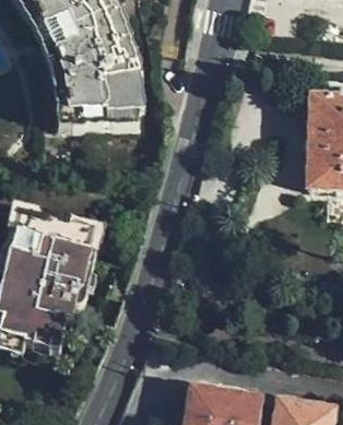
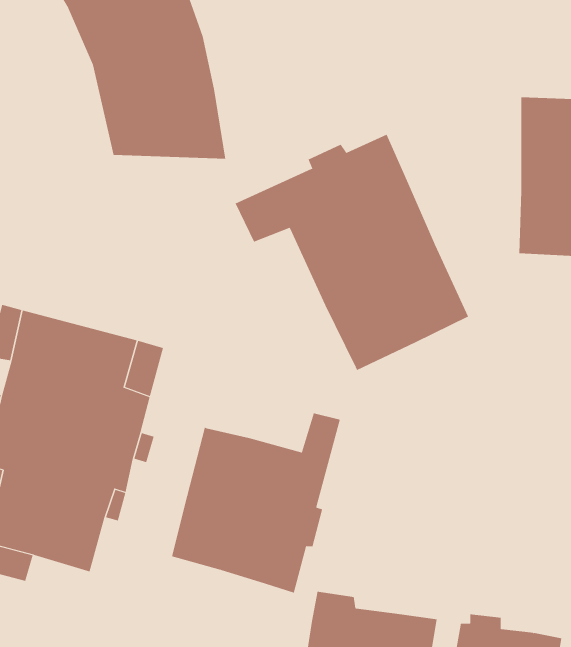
building: none -> [235,134,469,371]
building: none -> [172,413,340,593]

